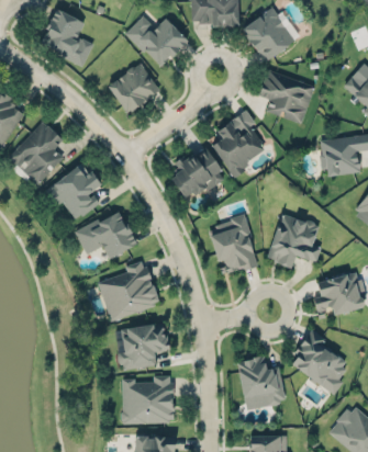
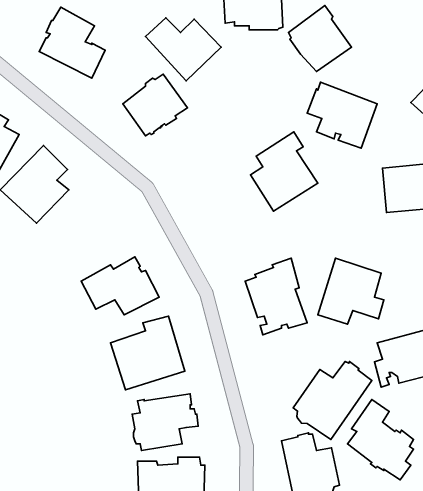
building: [170,147,224,199] -> none
building: [45,162,101,218] -> none
building: none -> [293,362,372,440]

